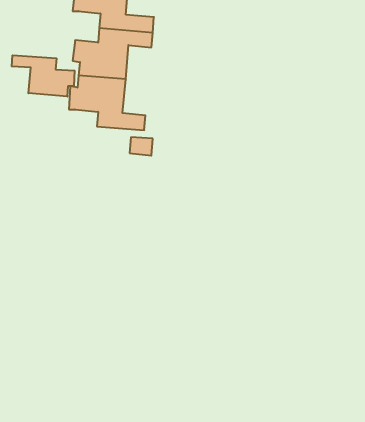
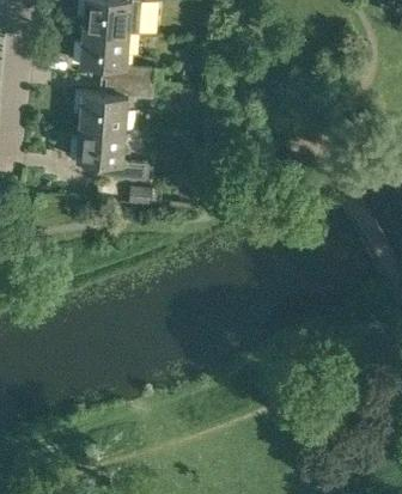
building: [12,55,75,97] -> none

